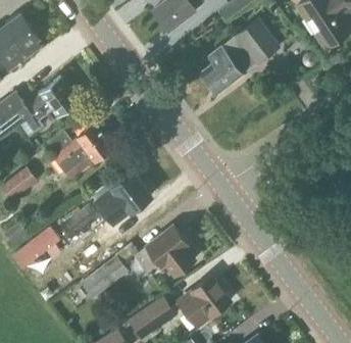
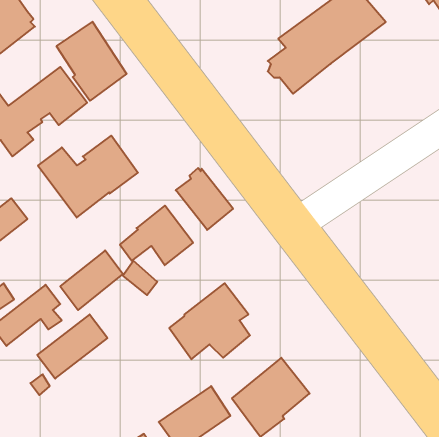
building: none -> [57,22,127,101]
building: none -> [176,168,233,230]
building: [80,254,128,298] -> [37,314,107,379]

